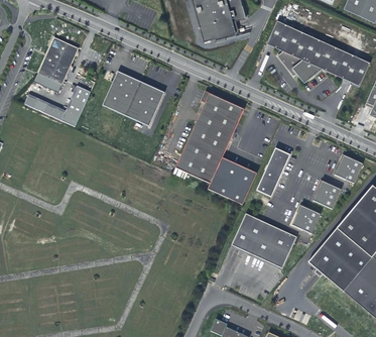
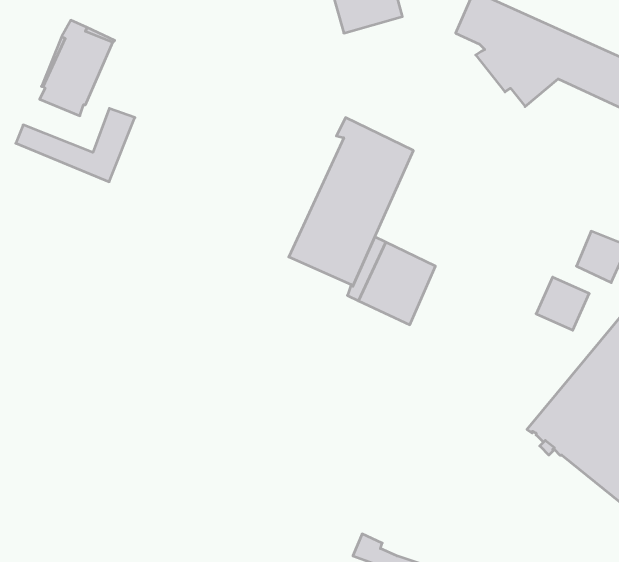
building: [103,72,164,126] -> none
building: [254,146,291,198] -> none
building: [290,204,319,232] -> none
building: [230,213,295,267] -> none

